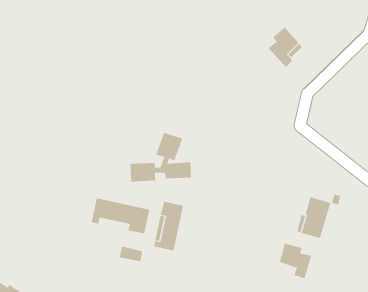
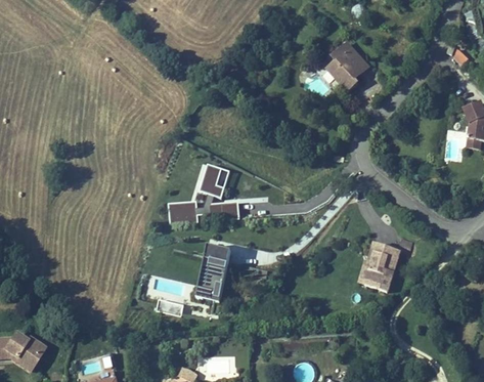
building: [91,198,150,234] -> none
building: [279,243,312,279] -> none

